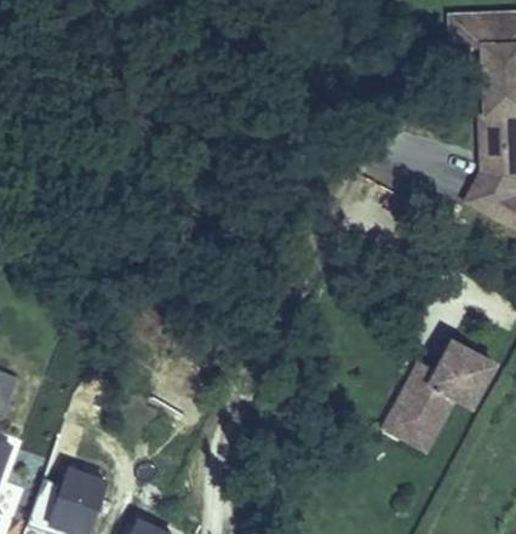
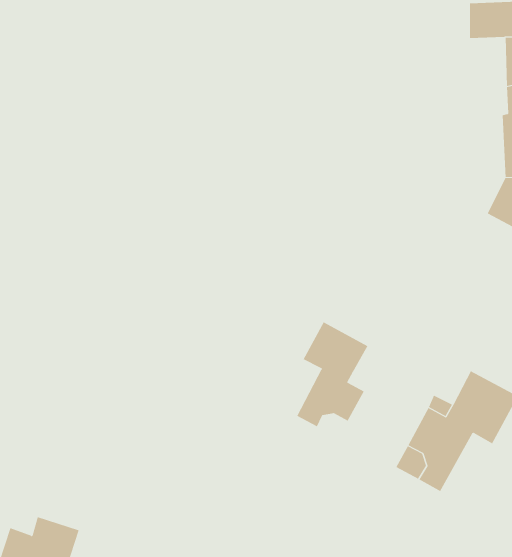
building: none -> [296,322,368,427]

